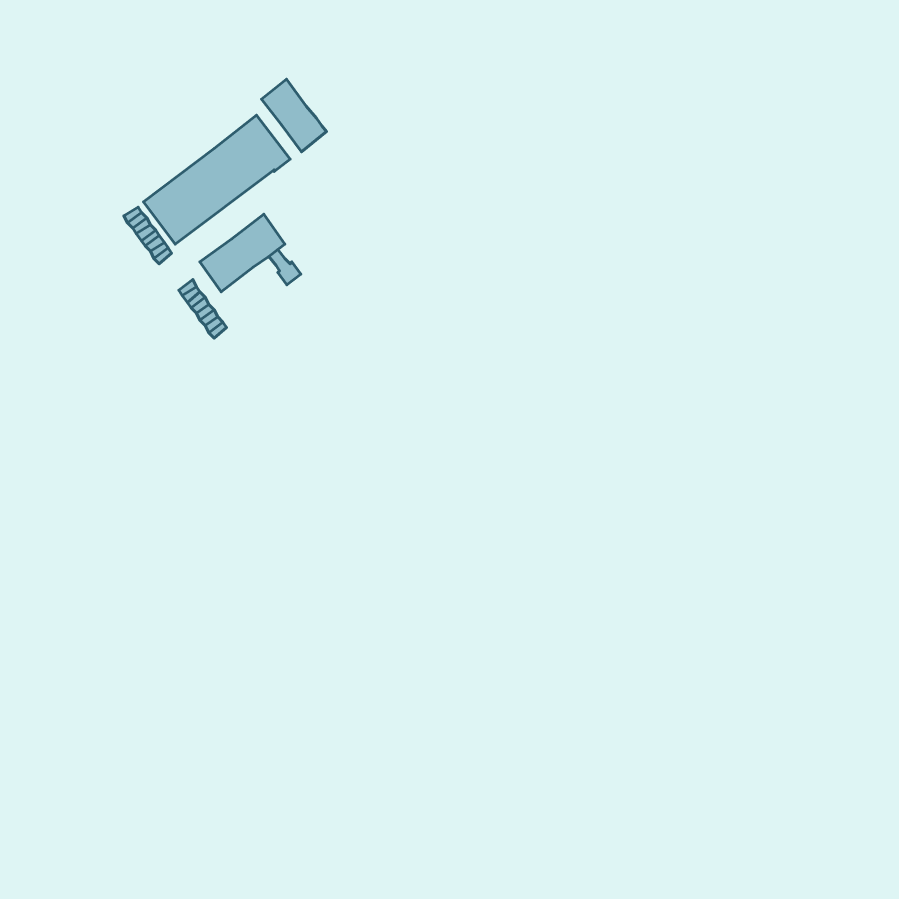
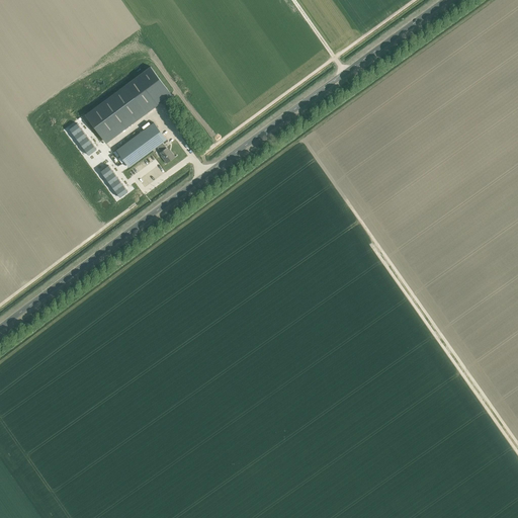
building: [262,79,326,152] -> none

